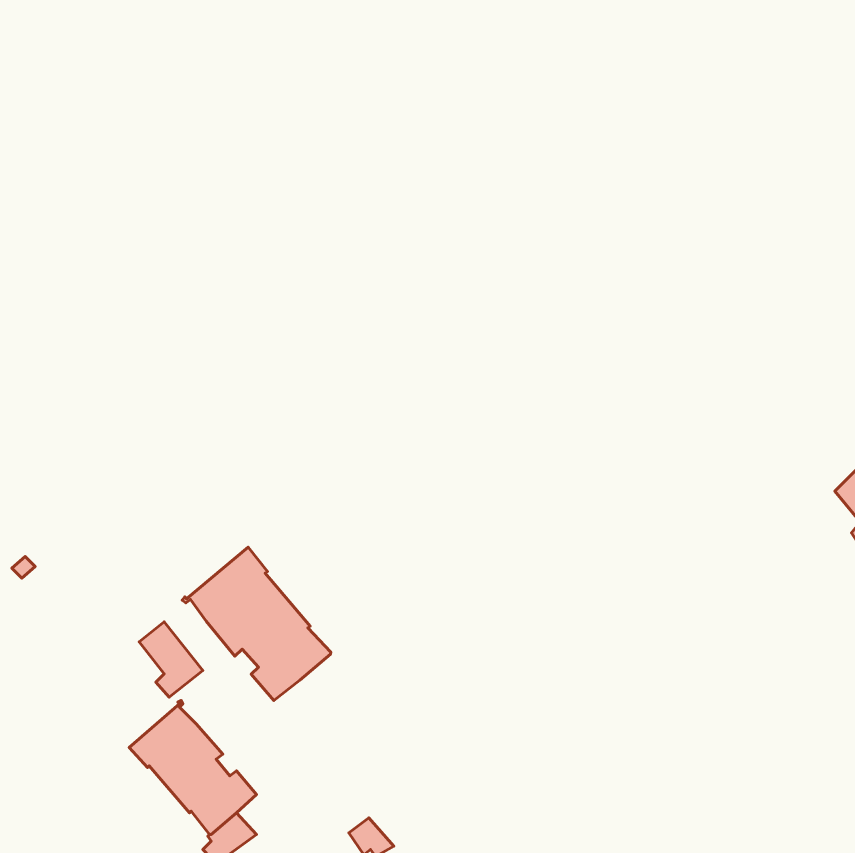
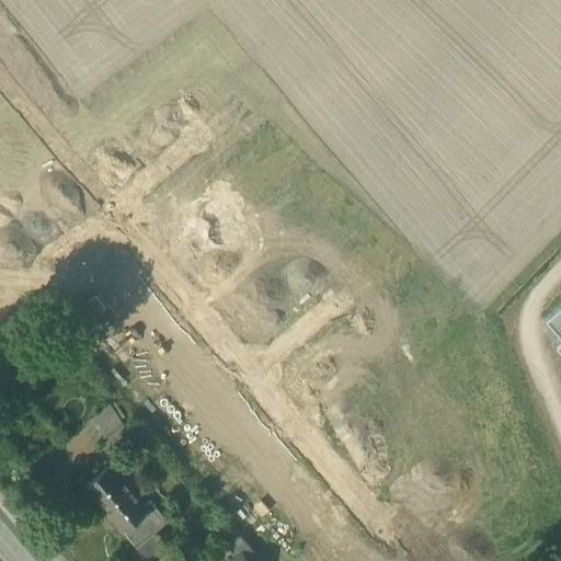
building: [182,547,331,701] -> none

